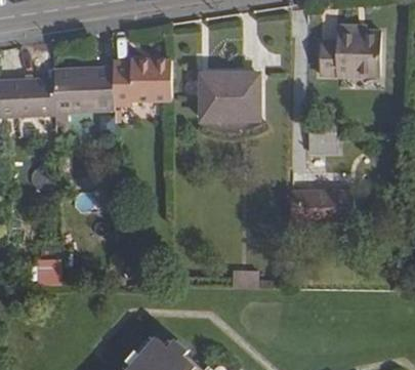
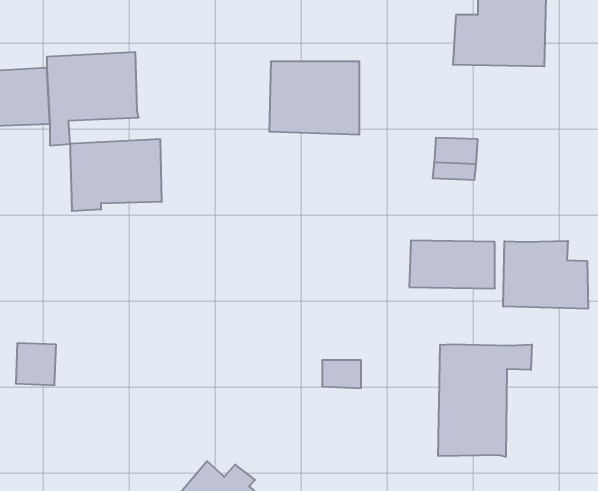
building: [110,59,170,107] -> [70,139,162,211]
building: none -> [503,241,588,309]
building: none -> [438,344,532,457]

